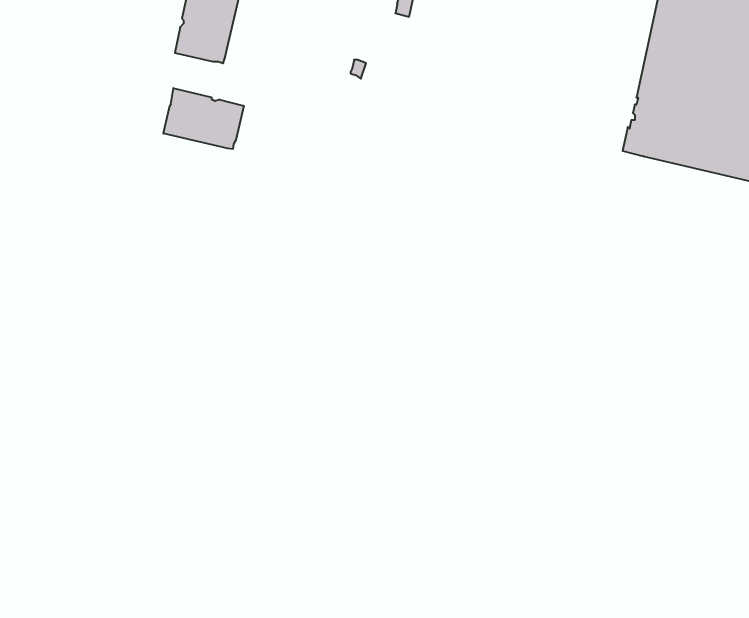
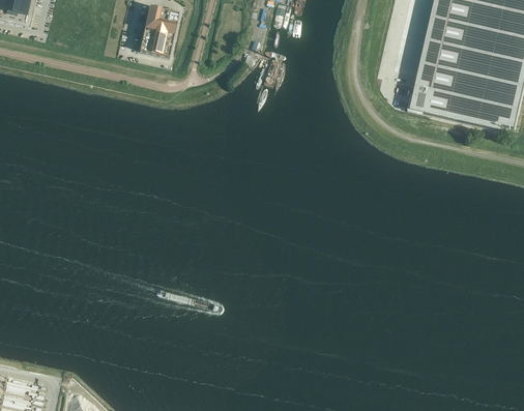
building: [163,88,244,149] -> none

